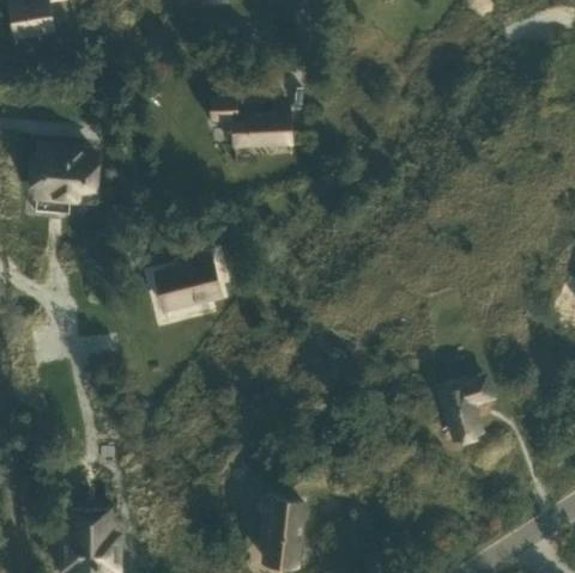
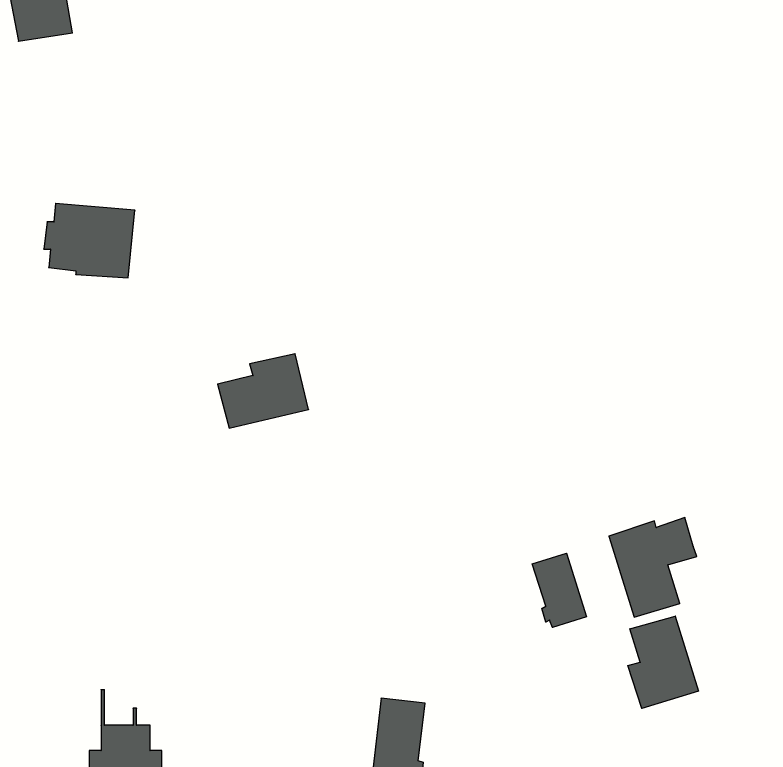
building: [212,102,292,147] -> none
building: none -> [532,553,586,627]
building: none -> [628,616,699,708]

